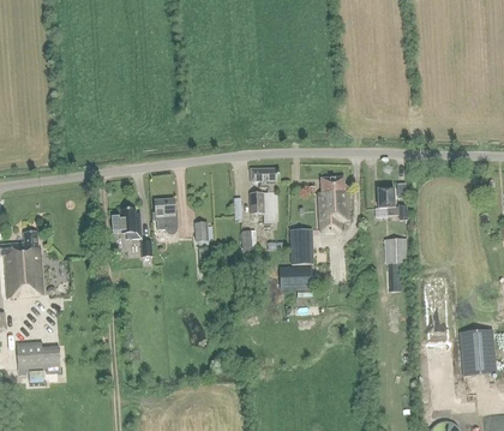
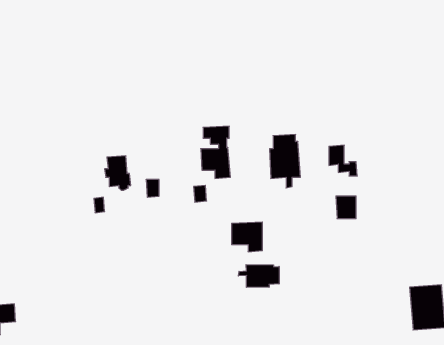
building: [110,208,140,238] -> none
building: [289,228,313,263] -> none
building: none -> [238,265,279,287]

